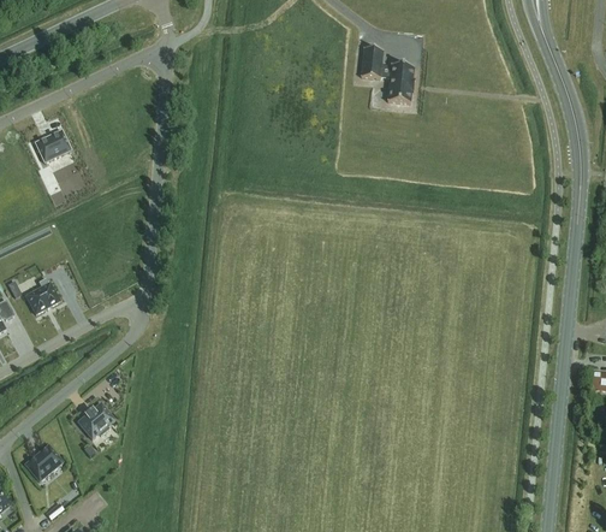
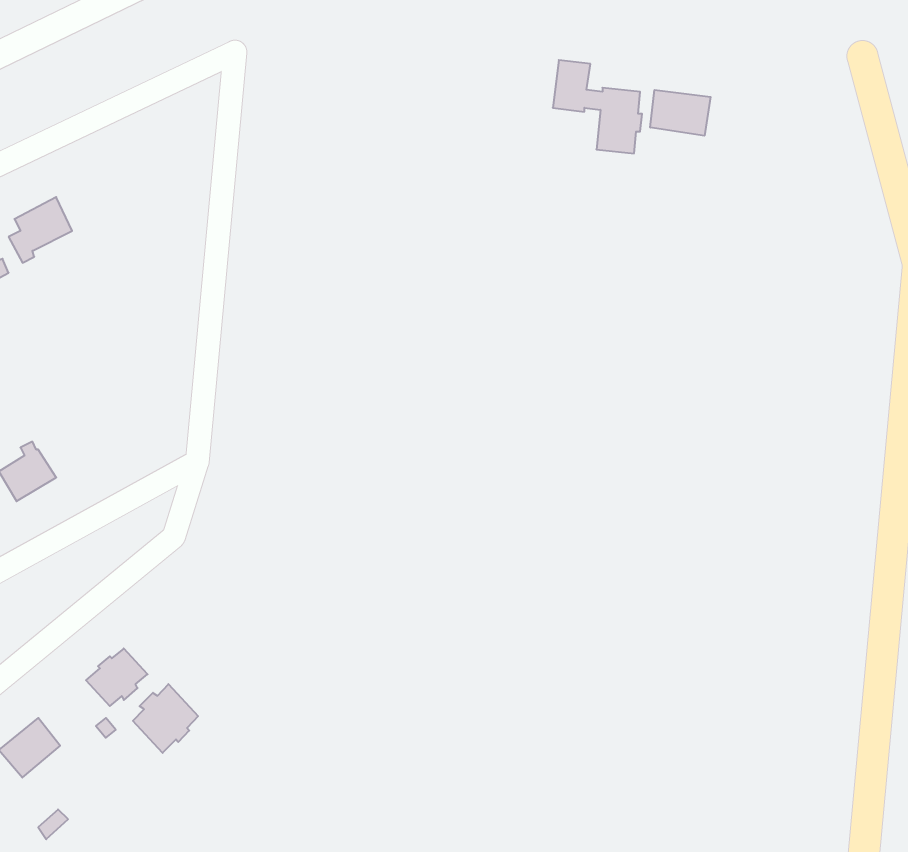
building: none -> [650,90,711,136]
building: none -> [133,684,198,753]

